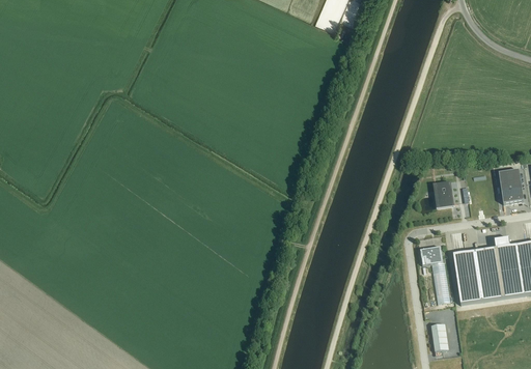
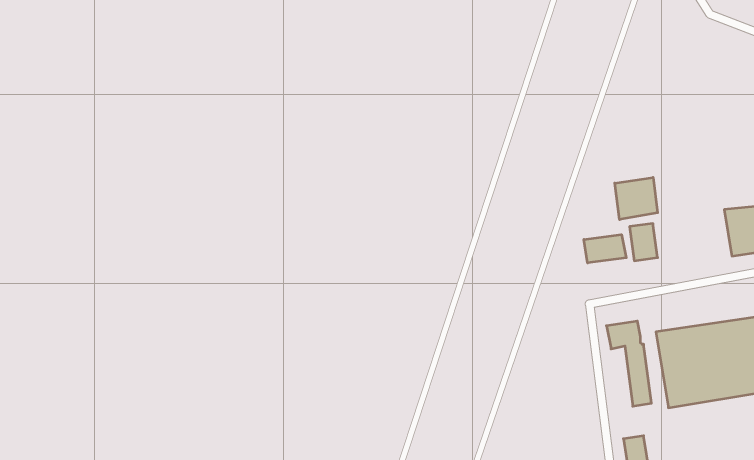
building: none -> [615,177,658,220]
building: none -> [584,235,626,263]

